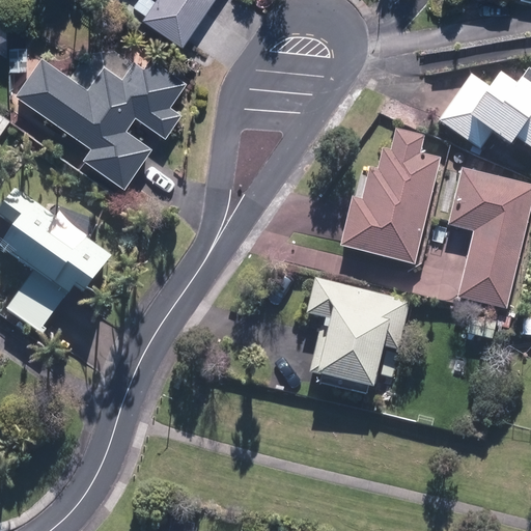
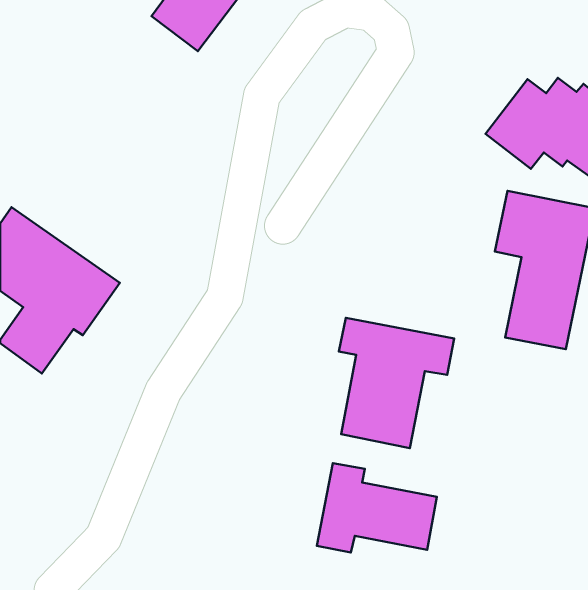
building: [13,48,188,189] -> none
building: [339,129,436,264] -> none
building: none -> [317,463,437,553]

